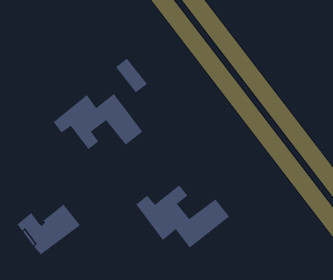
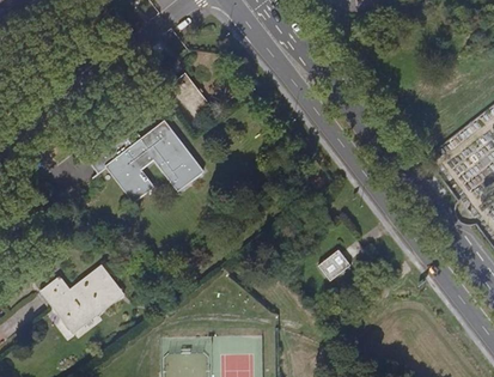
building: [135,185,230,248] -> none
building: none -> [318,250,350,281]

